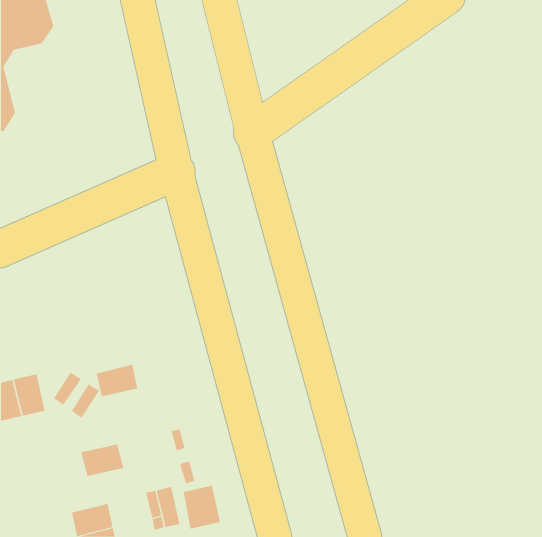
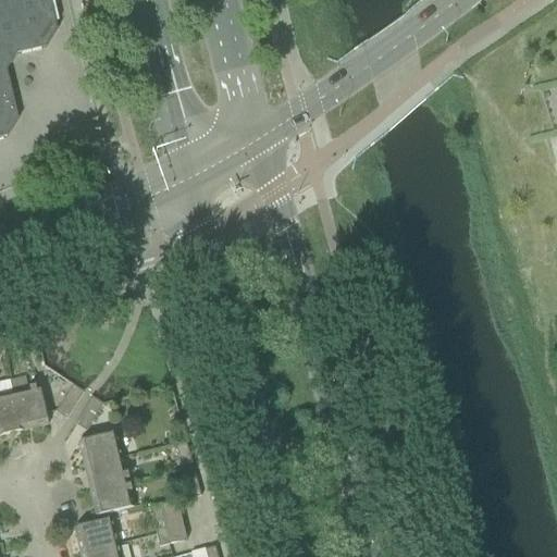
building: [96,364,138,397] -> [77,431,121,465]
building: none -> [89,481,133,515]
building: [183,485,221,529] -> none

